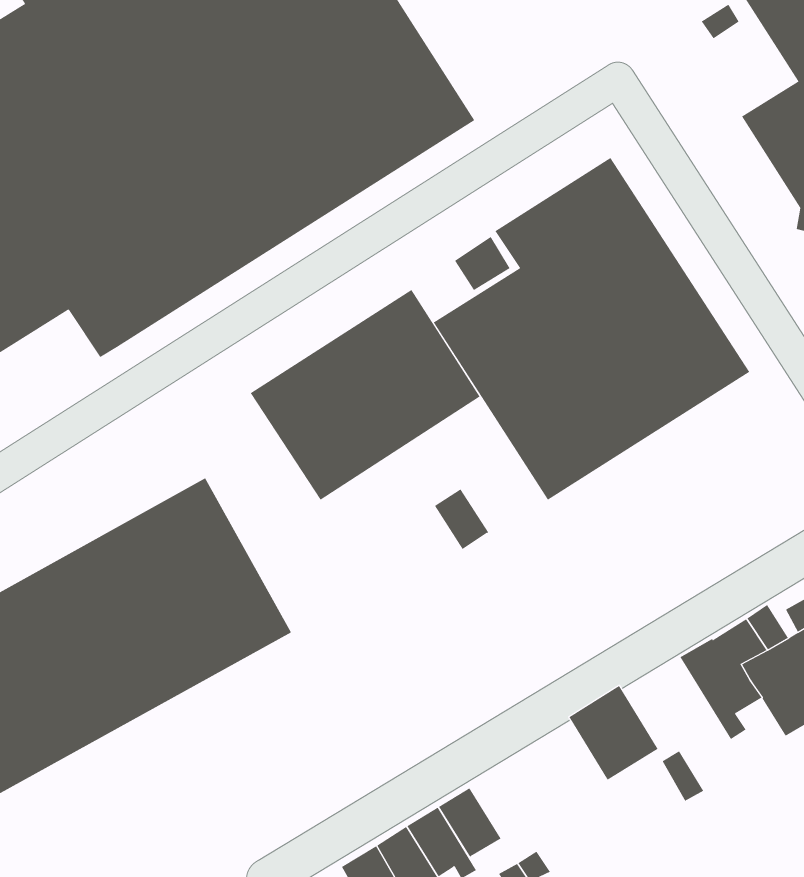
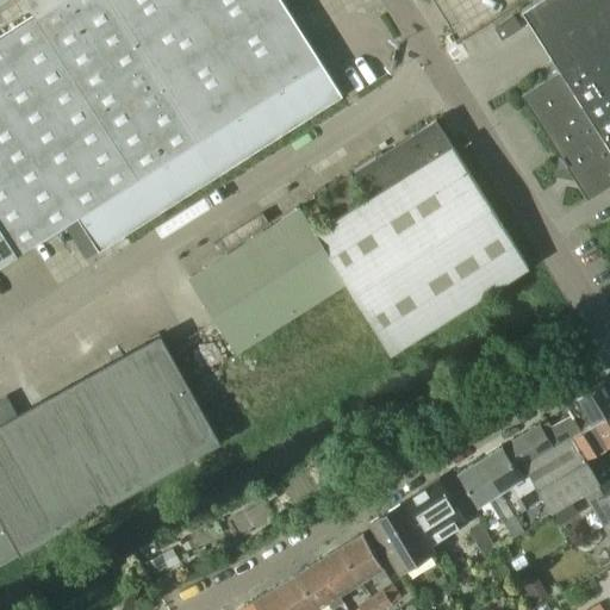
building: [434,488,489,550] -> none
building: none -> [458,460,524,540]
building: none -> [369,503,432,571]
building: none -> [338,534,388,585]

